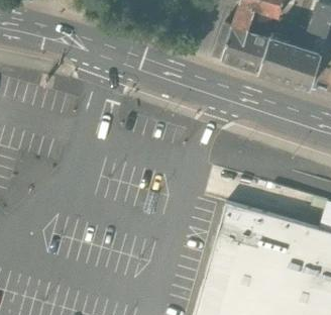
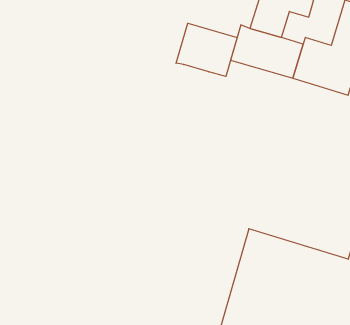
building: none -> [176,23,237,76]

